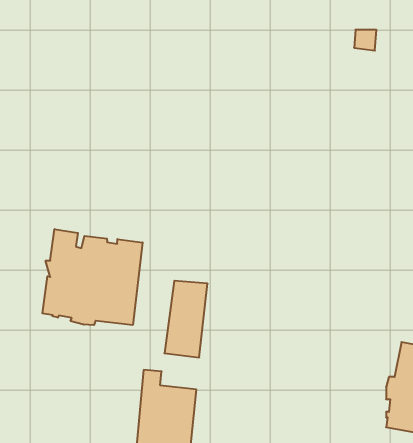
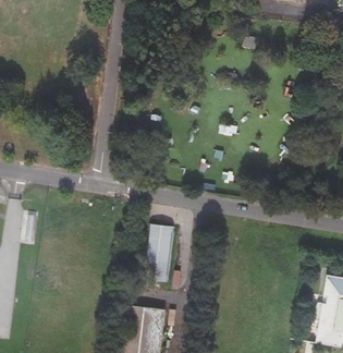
building: [42,229,143,325] -> none

